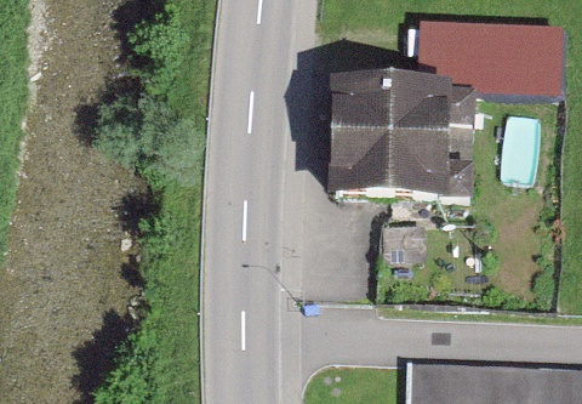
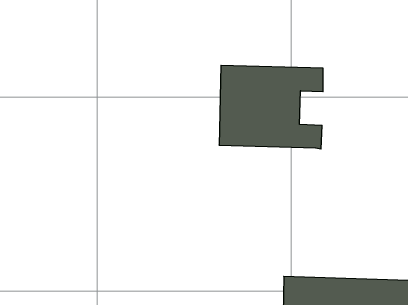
building: [421,24,557,93] -> none

